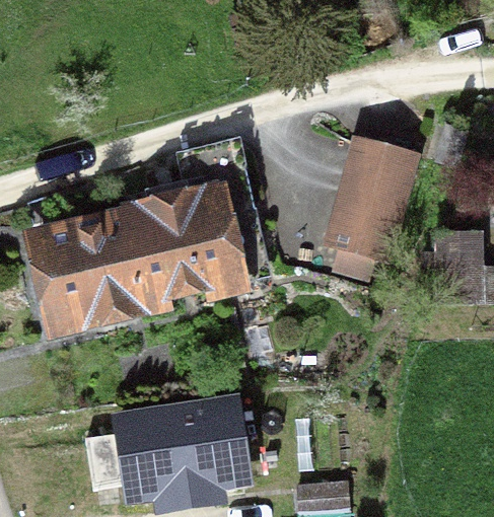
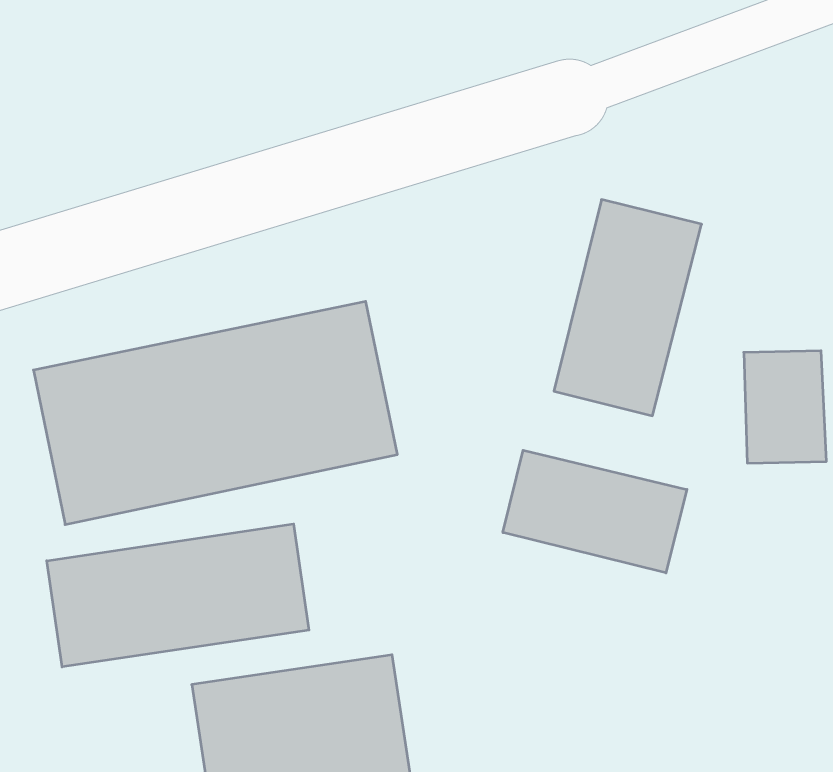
building: none -> [503,450,687,573]
building: none -> [47,524,309,667]

